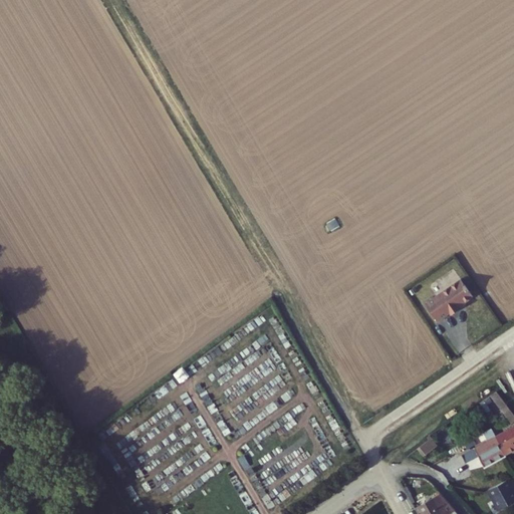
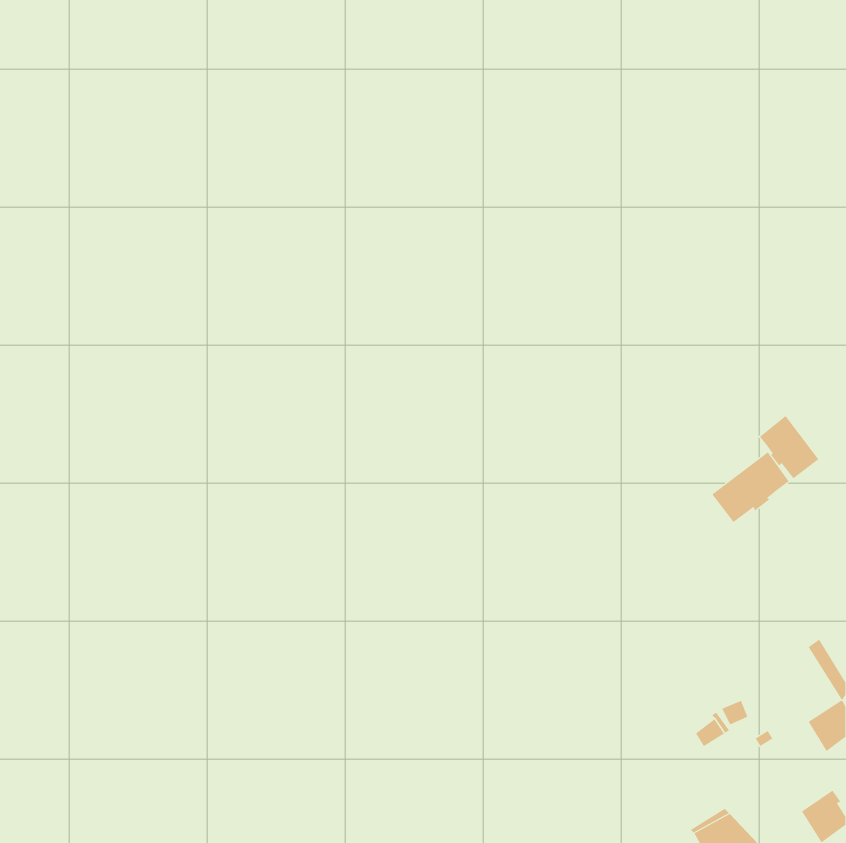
building: none -> [759,415,819,479]
building: [457,432,500,471] -> none

